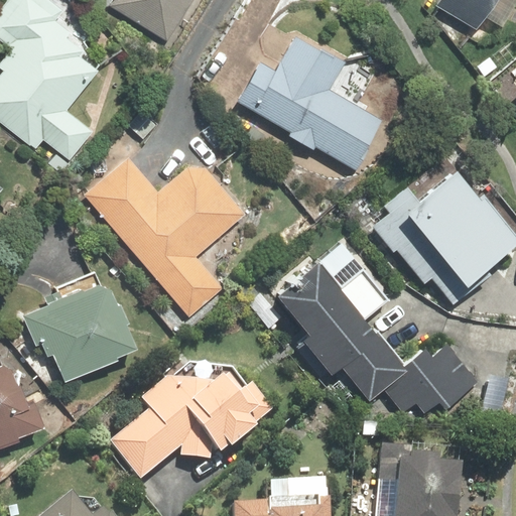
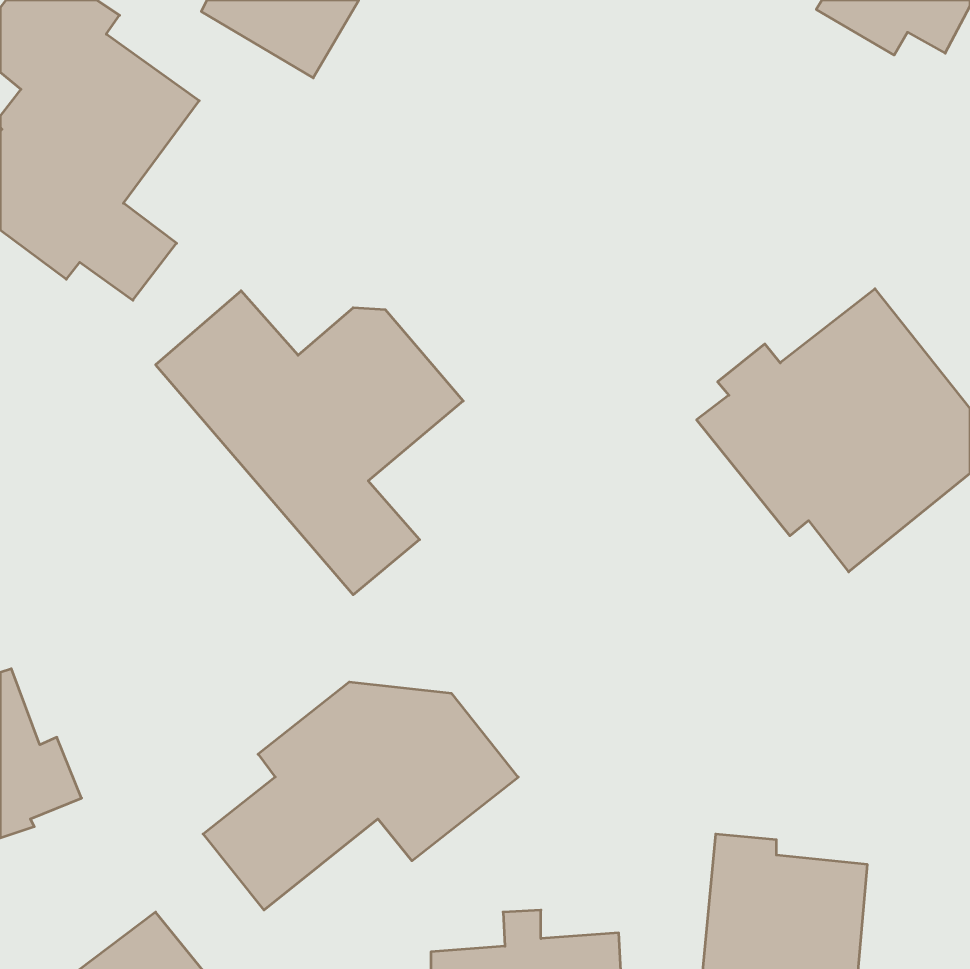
building: [235,31,385,171] -> none
building: [265,256,481,422] -> none
building: [20,275,140,382] -> none

